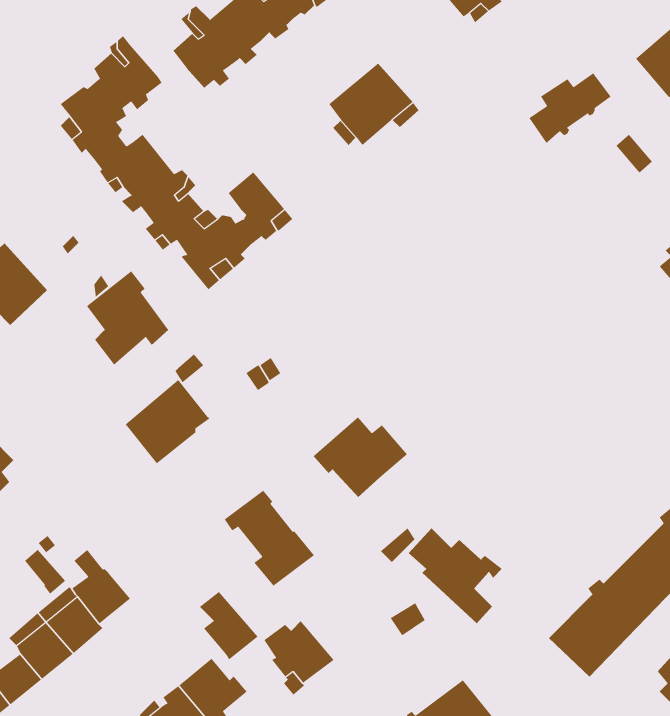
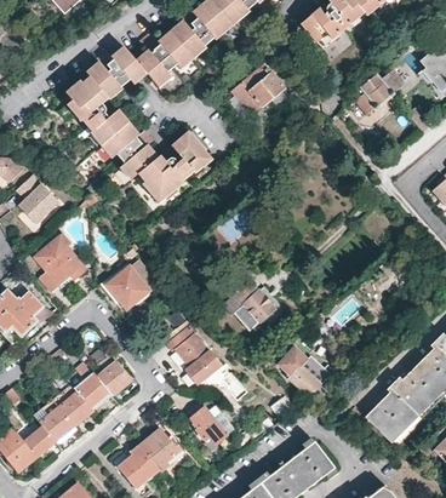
building: none -> [110,42,144,78]
building: [86,271,169,365] -> [35,235,86,293]
building: [199,591,259,660] -> [95,354,131,396]

